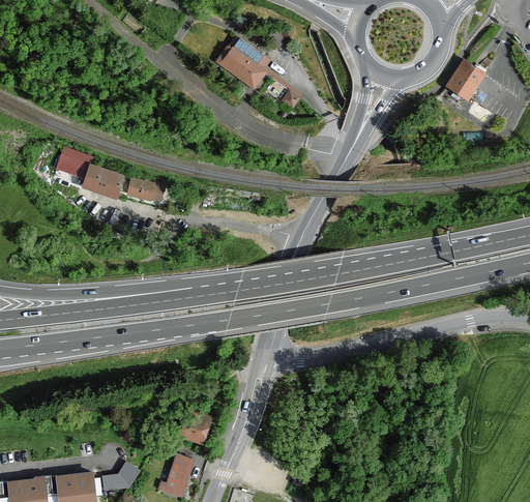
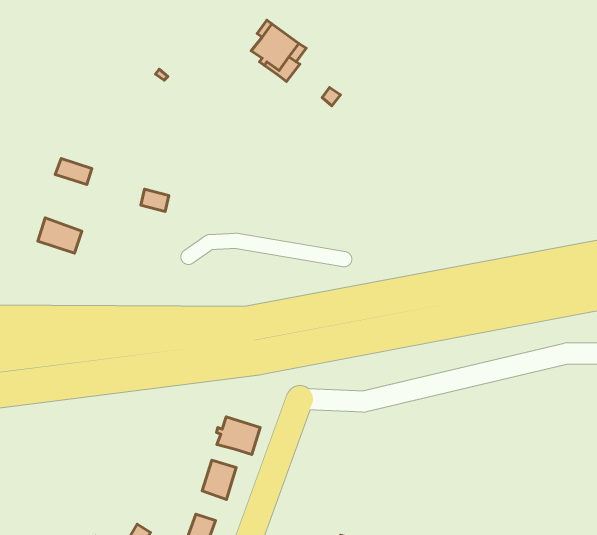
building: [447,61,483,98] -> none
building: [84,166,121,196] -> [38,218,82,253]
building: none -> [216,417,260,454]

